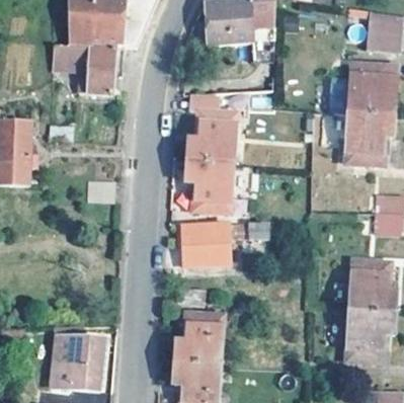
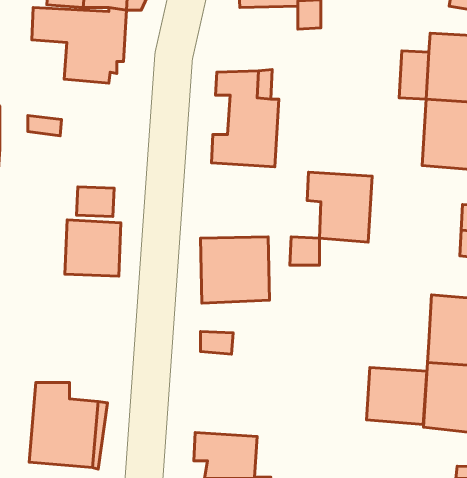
building: [185,161,234,214] -> [307,172,372,242]
building: none -> [65,220,121,276]
building: [174,313,224,367] -> none
building: none -> [366,367,427,425]

